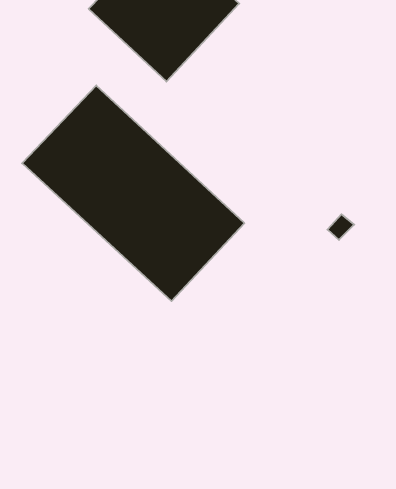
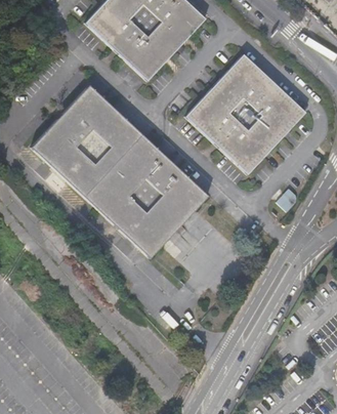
building: none -> [184,53,305,174]

